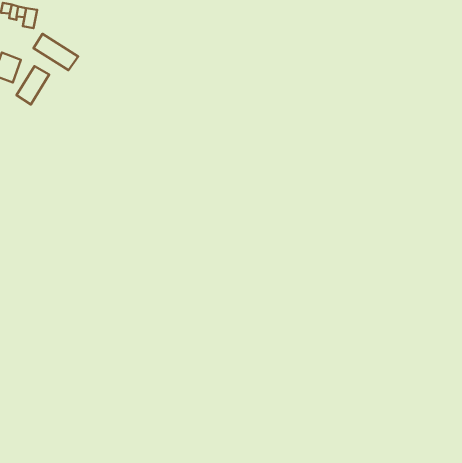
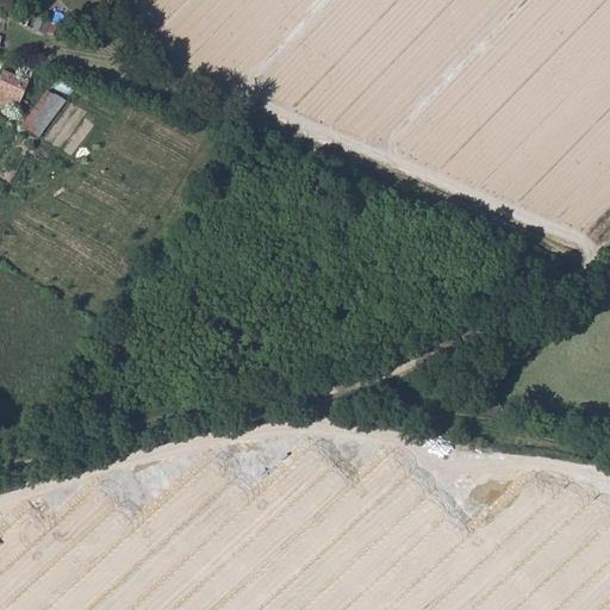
building: [33,34,78,70] -> none

